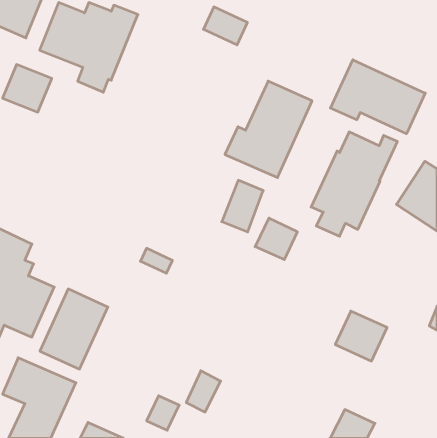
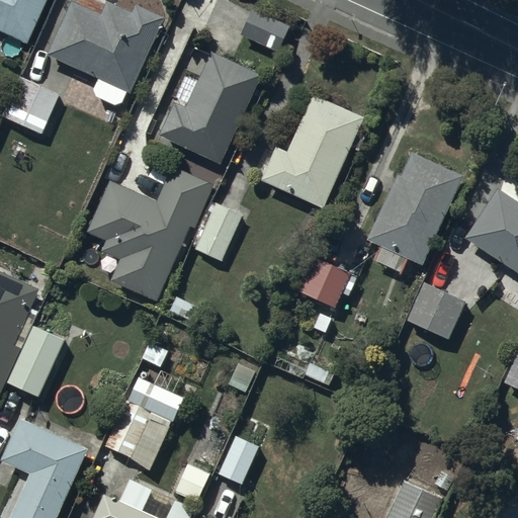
building: none -> [159,52,263,164]
building: [330,60,425,134] -> none
building: none -> [81,170,208,305]
building: [222,180,263,232] -> [196,201,245,262]
building: [40,289,108,369] -> [108,373,188,467]
building: [335,311,387,361] -> [406,281,466,340]

